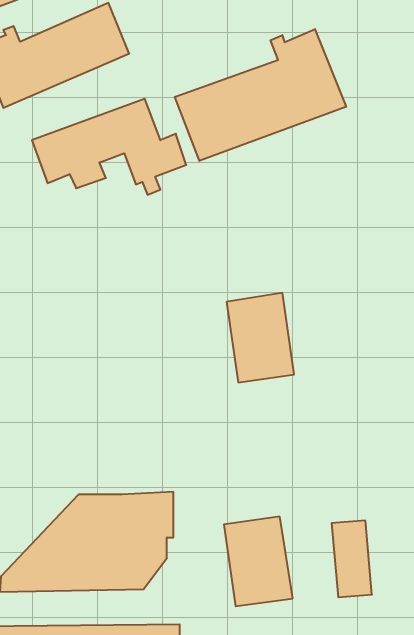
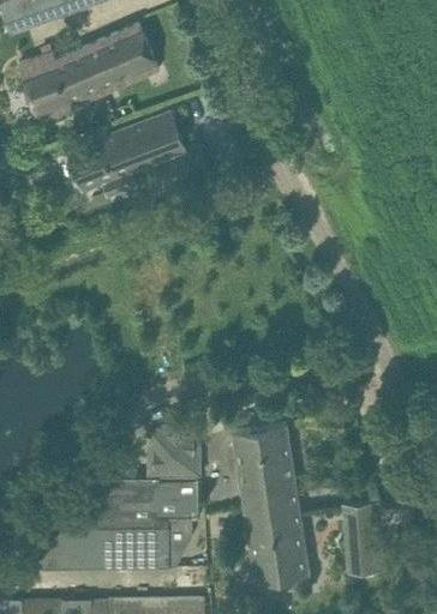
building: [175,29,346,161] -> none
building: [227,293,294,382] -> [234,423,297,506]
building: none -> [150,429,198,478]

